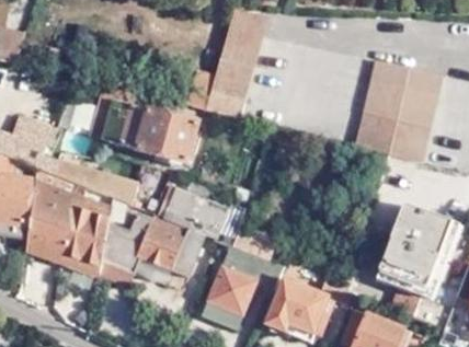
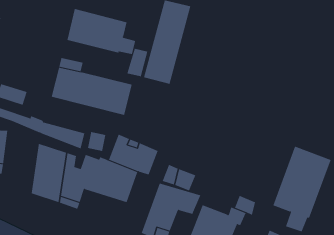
building: none -> [67,8,136,55]
building: [355,61,444,164] -> none
building: [25,184,69,263] -> none

